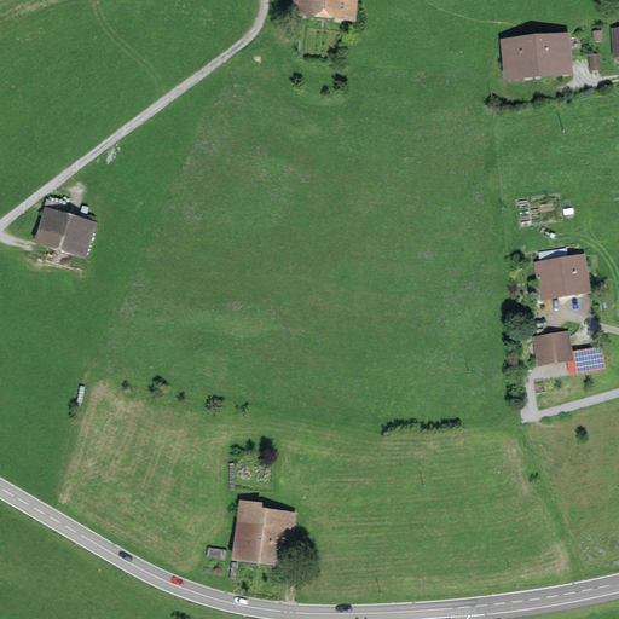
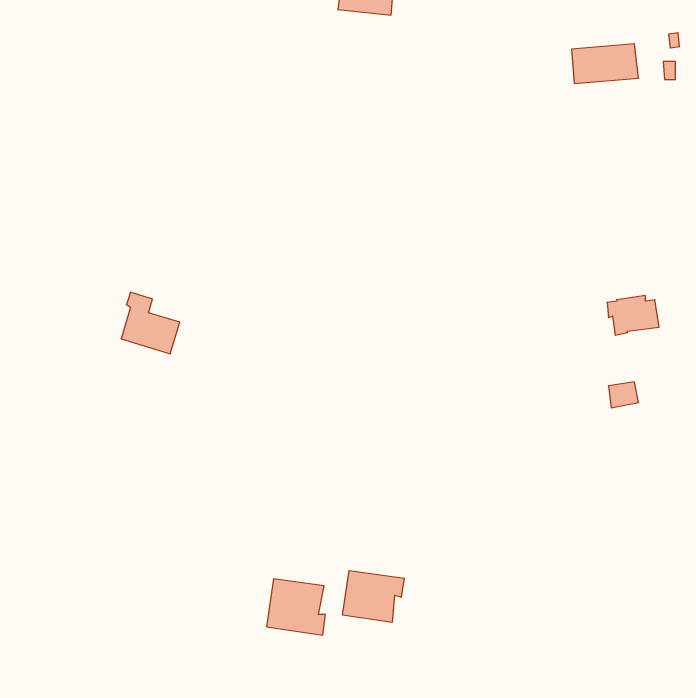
building: [37,198,89,253] -> [121,292,180,354]
building: none -> [343,570,404,622]

